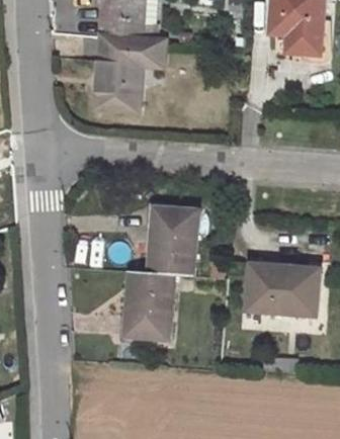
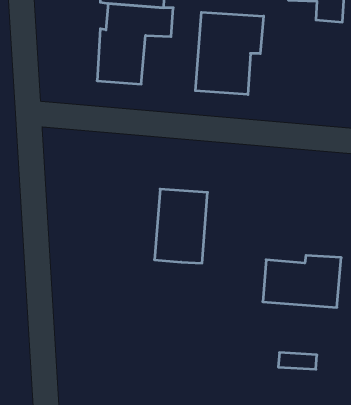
building: none -> [195,12,264,95]
building: [124,270,173,338] -> none

